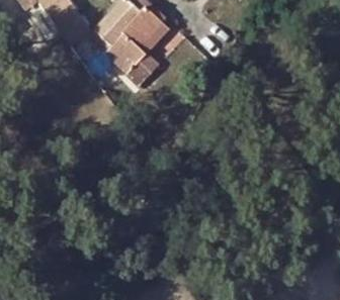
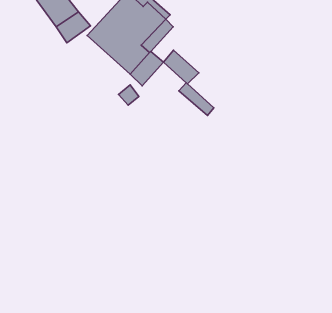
building: none -> [164,50,214,116]

